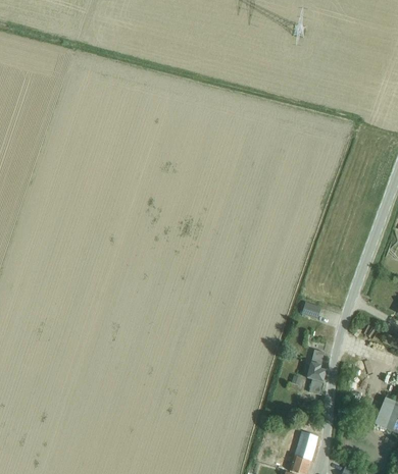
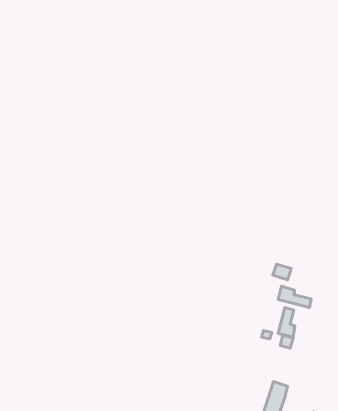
building: none -> [278,286,311,307]

